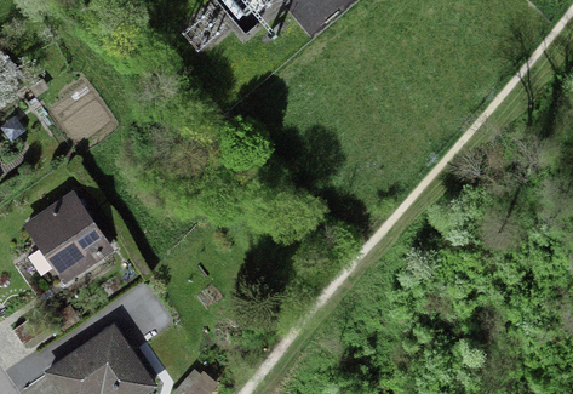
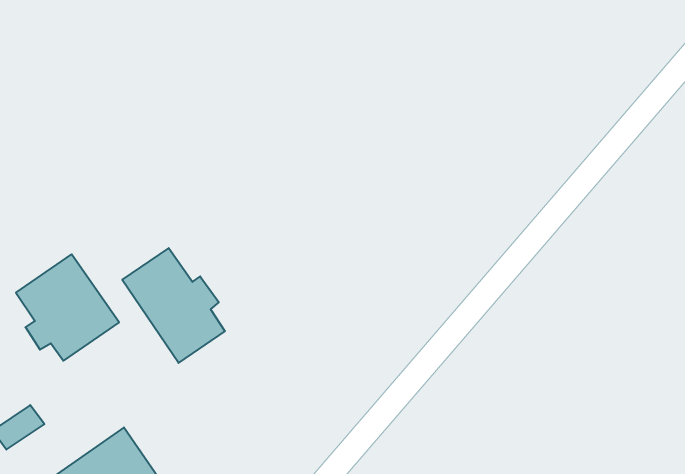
building: none -> [122,248,225,363]

